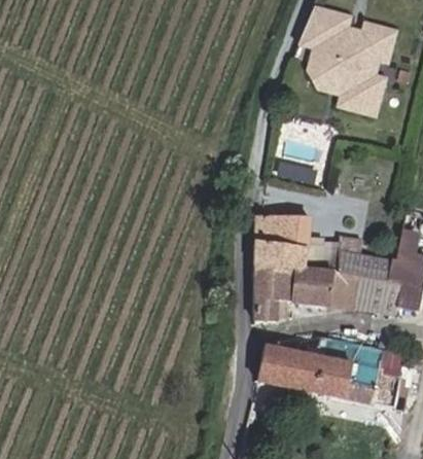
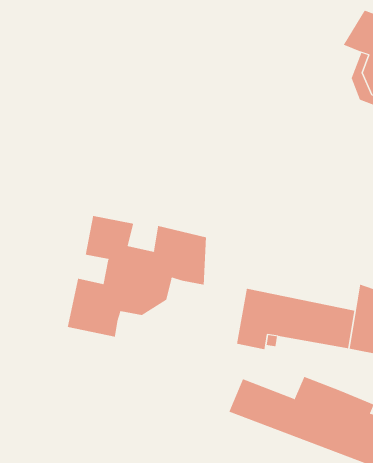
building: [254,217,351,273] -> none
building: none -> [67,215,207,337]

